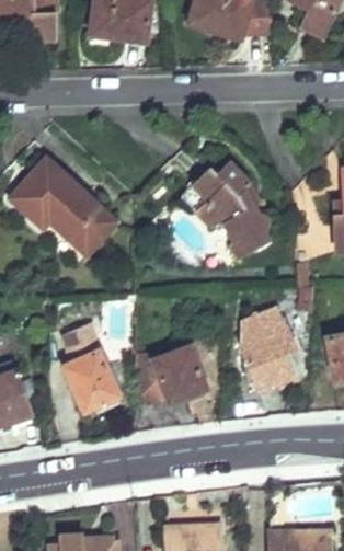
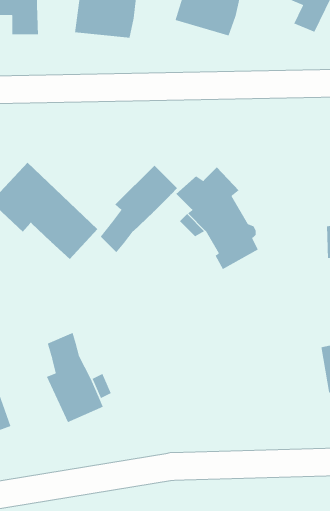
building: none -> [100,165,178,253]
building: [240,305,294,389] -> none
building: [135,346,205,405] -> none

